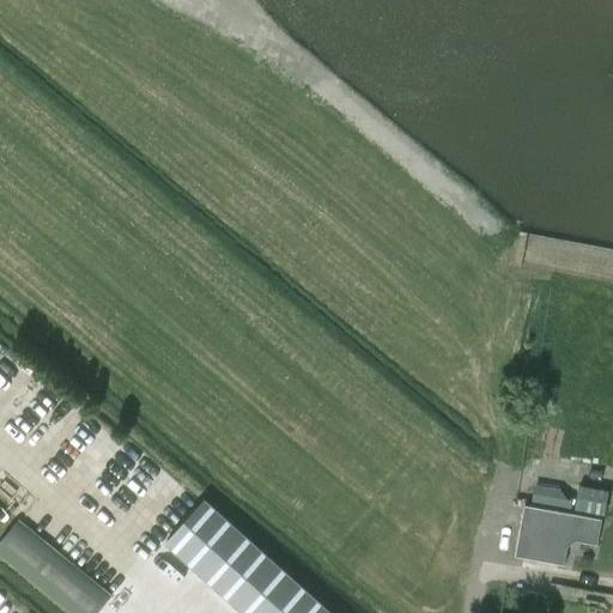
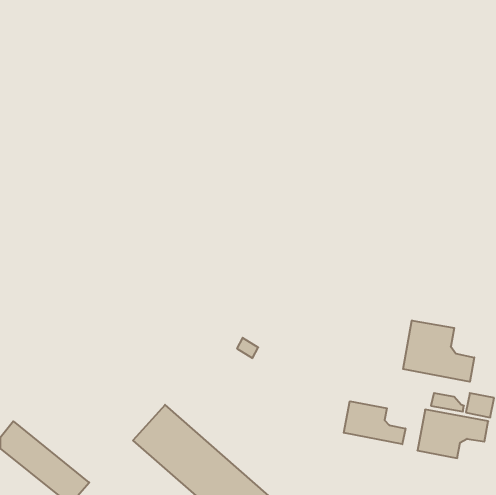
building: none -> [403,320,474,382]
building: none -> [344,401,405,444]

